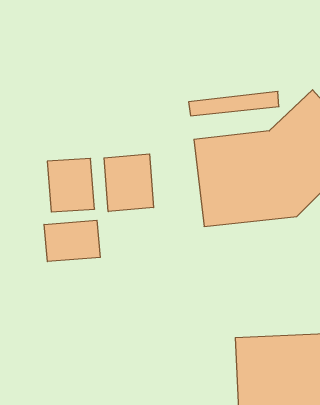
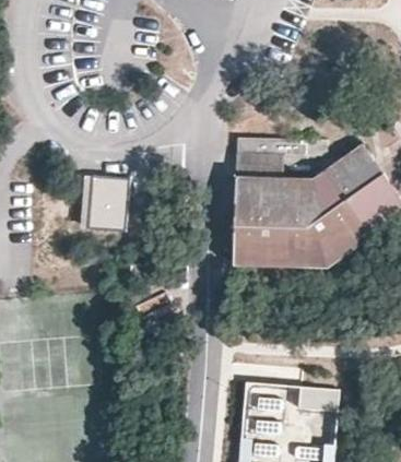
building: [104,154,154,212] -> none
building: [44,220,100,262] -> none

